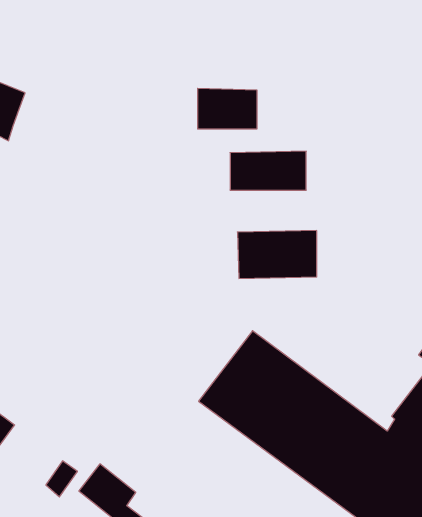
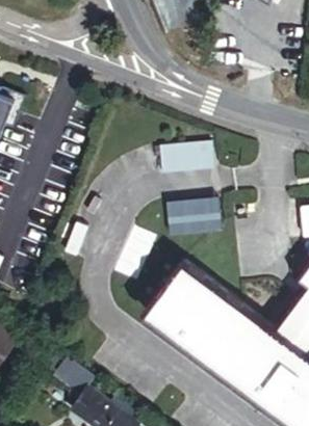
building: [198,88,257,129] -> none

